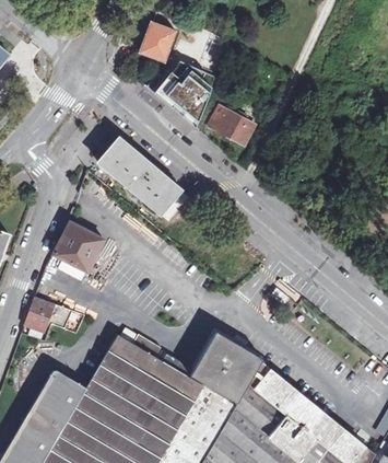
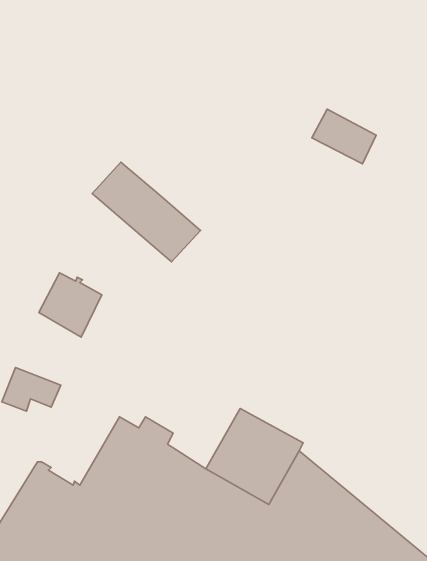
building: [144,21,183,62] -> none
building: [156,61,215,127] -> none
building: [209,102,260,146] -> [312,109,376,164]

